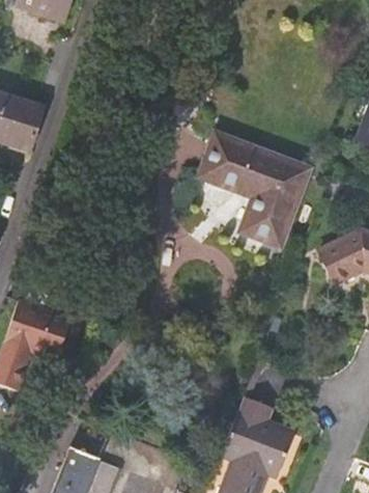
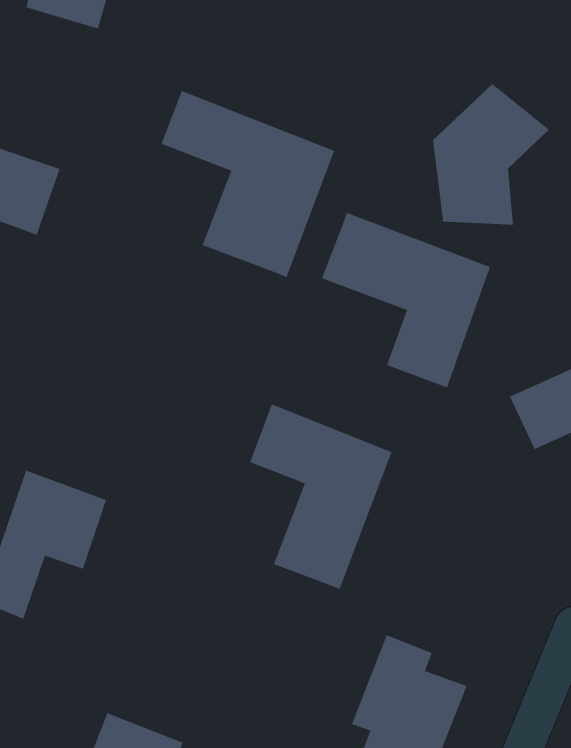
building: none -> [432,83,550,225]
building: none -> [161,90,335,278]
building: none -> [249,404,392,590]

